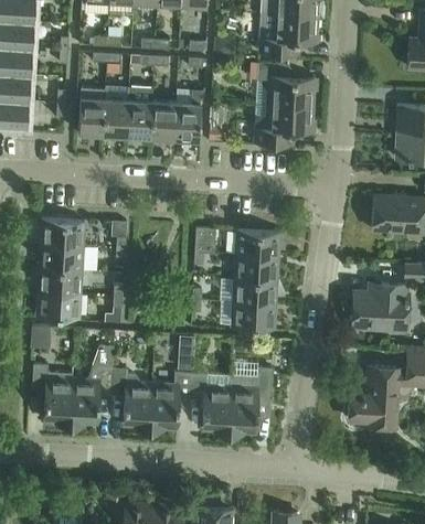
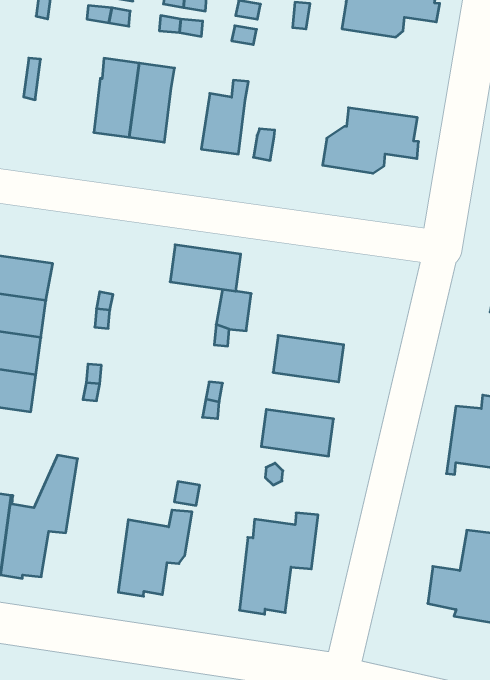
building: [256,63,317,105] -> none
building: [77,88,105,133] -> none
building: [150,100,177,138] -> none
building: [235,229,279,256] -> [170,245,241,291]
building: [232,278,277,304] -> none
building: [109,345,149,429] -> none
building: [188,373,227,434] -> none

